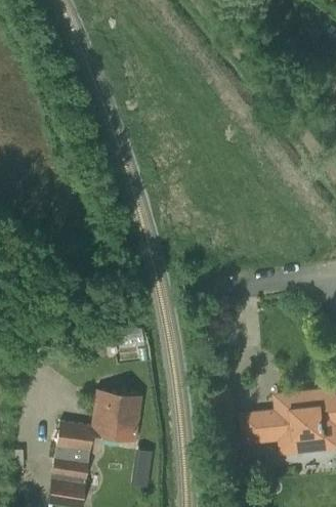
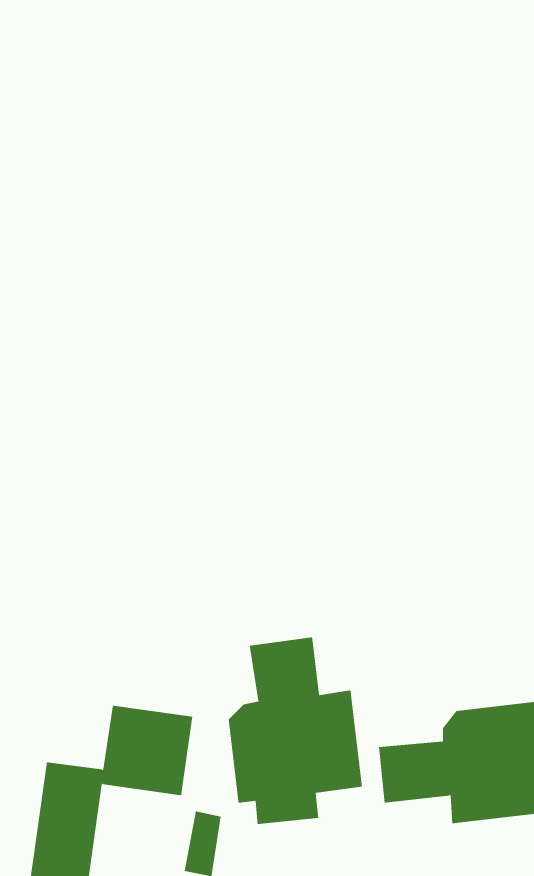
building: none -> [228,637,363,825]

